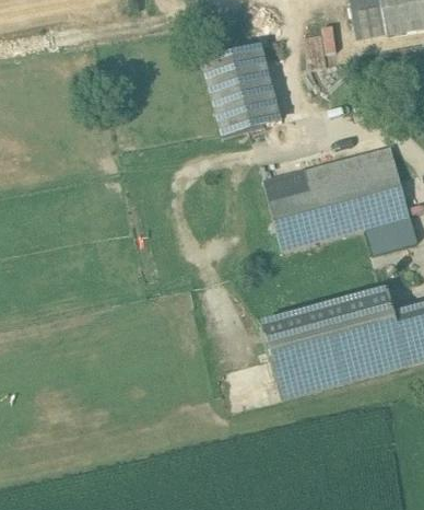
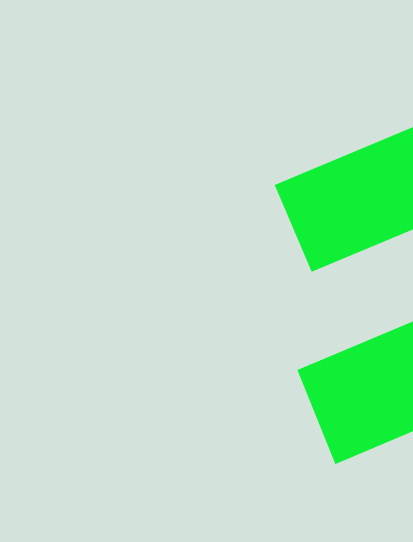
building: [202,46,282,138] -> none

